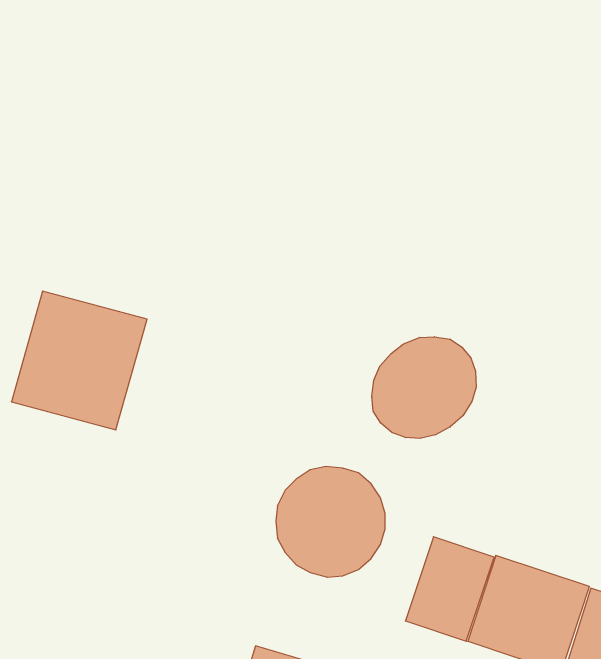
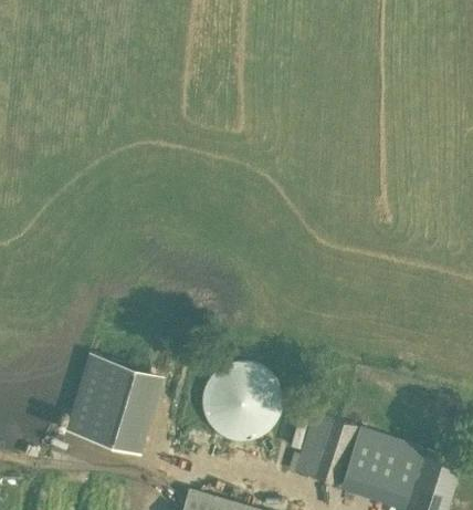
building: [11,291,147,430] -> [64,352,160,450]
building: [372,337,476,438] -> none

